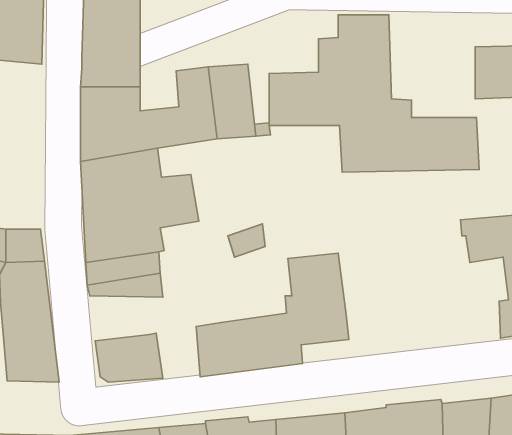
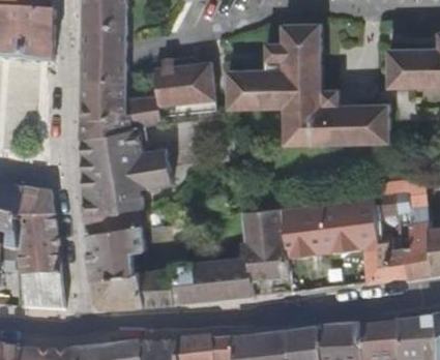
building: none -> [281,201,407,280]
building: none -> [87,241,144,276]
building: none -> [139,265,173,307]

